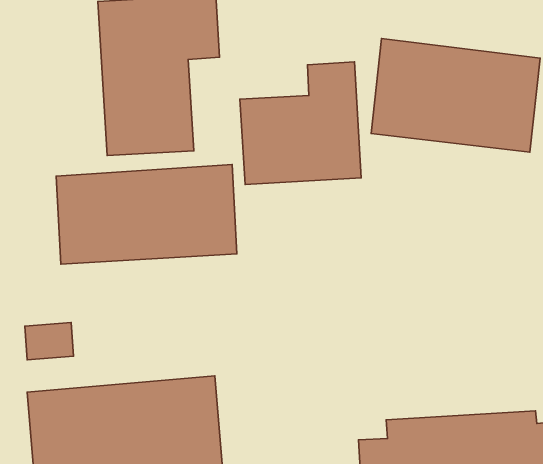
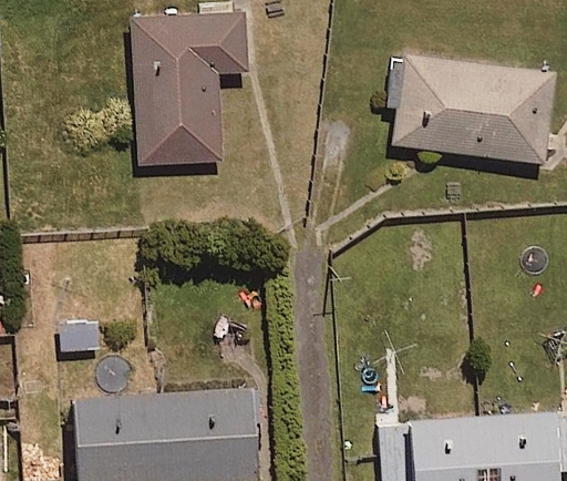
building: [240,62,361,184] -> none
building: [56,165,237,264] -> none

